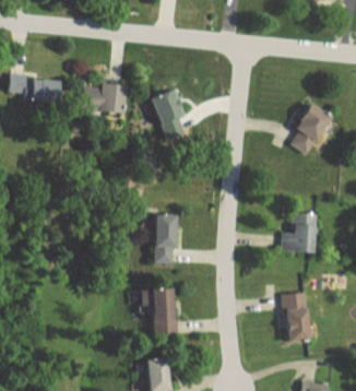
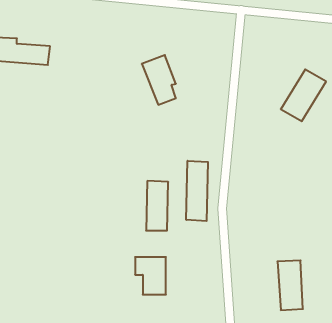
building: [84,84,124,118] -> none
building: none -> [186,161,208,221]
building: [282,213,317,252] -> none

